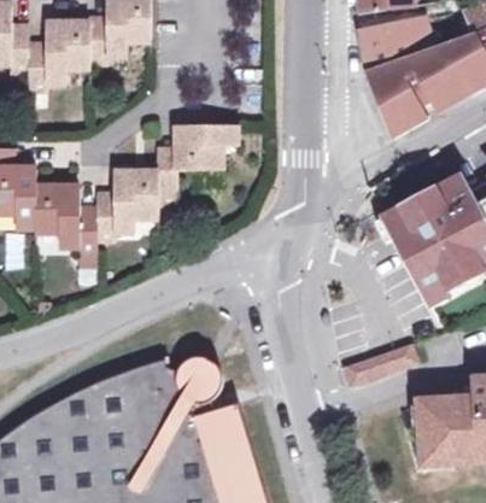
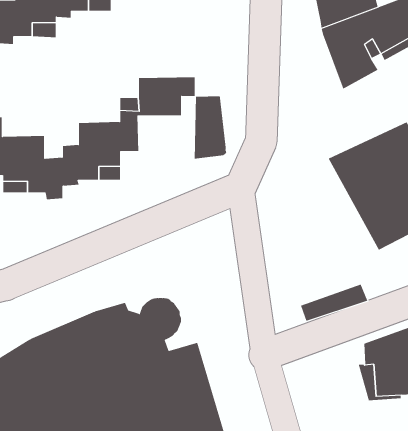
building: none -> [194,96,227,160]

